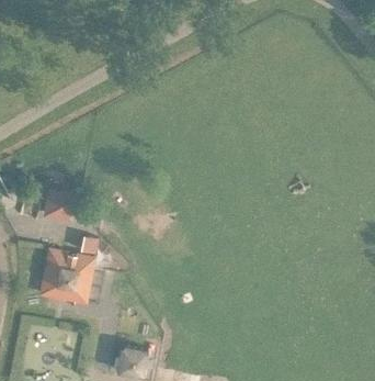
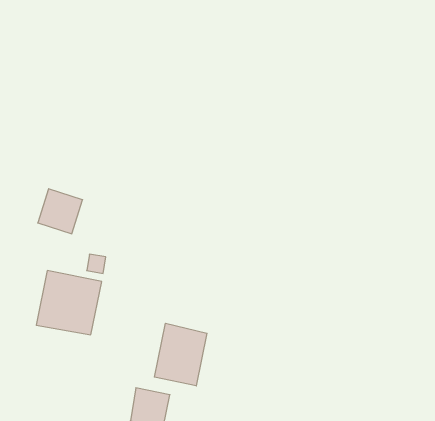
building: none -> [154,323,207,386]

